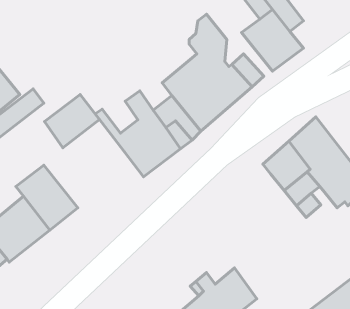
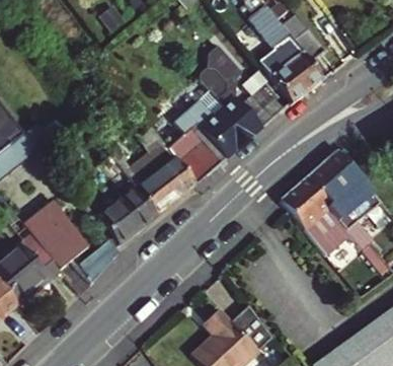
building: [44,94,100,148] -> [98,188,156,243]

